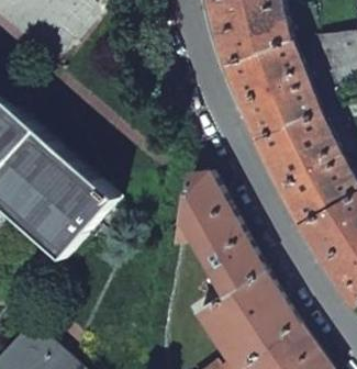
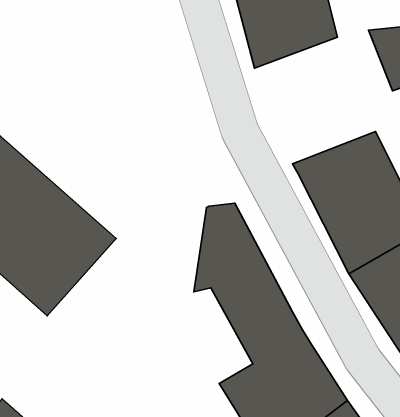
building: [225,43,320,142] -> none

